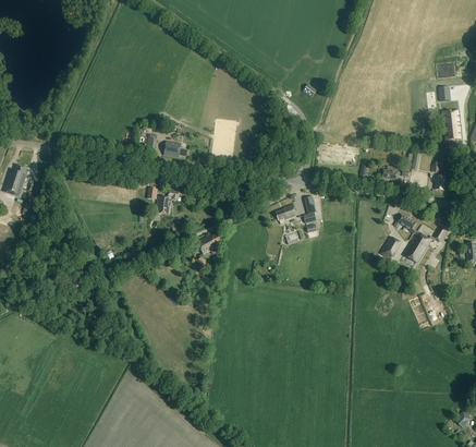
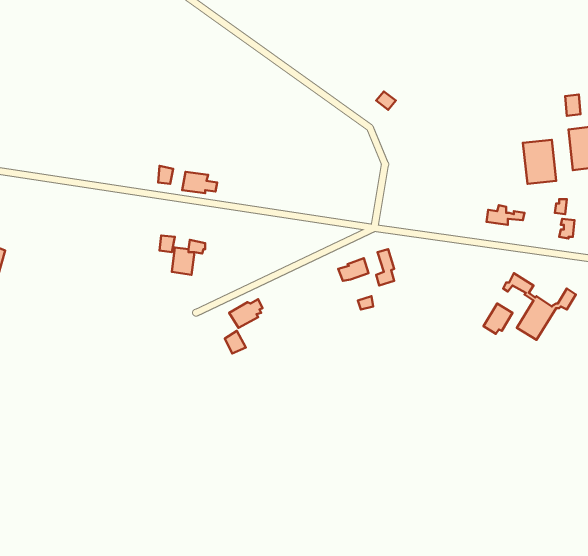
building: none -> [523,140,556,184]

